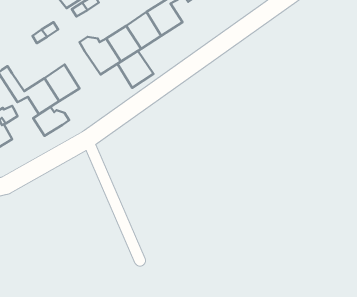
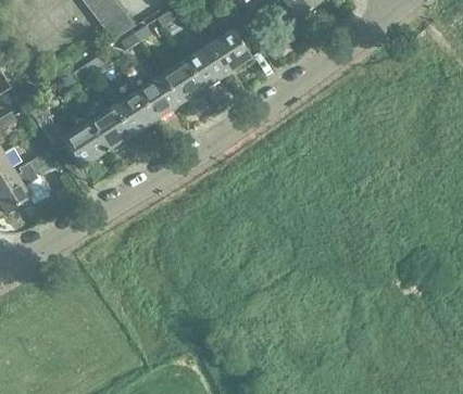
building: [117,51,153,88] -> [112,91,154,135]
building: [33,107,69,136] -> none

